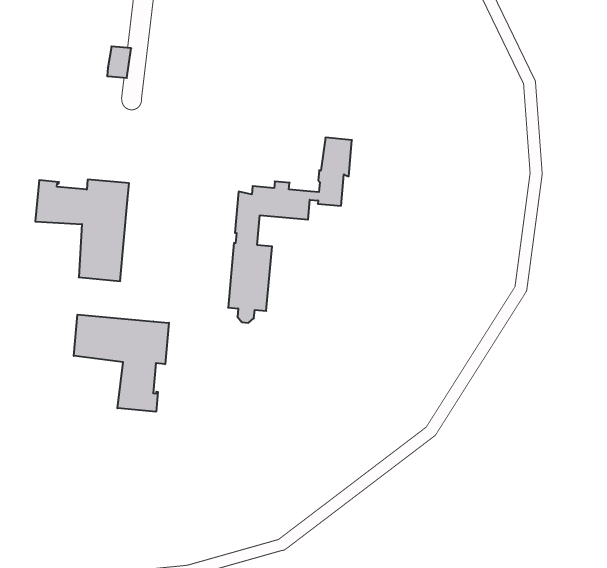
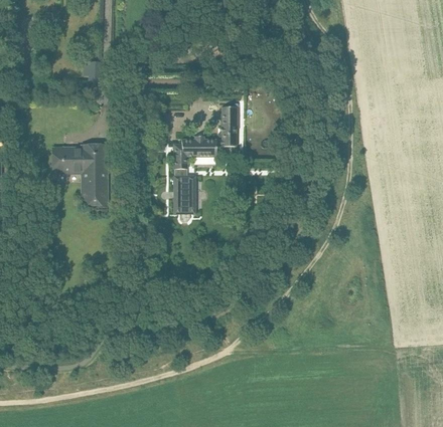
building: [74,315,169,412] -> none

